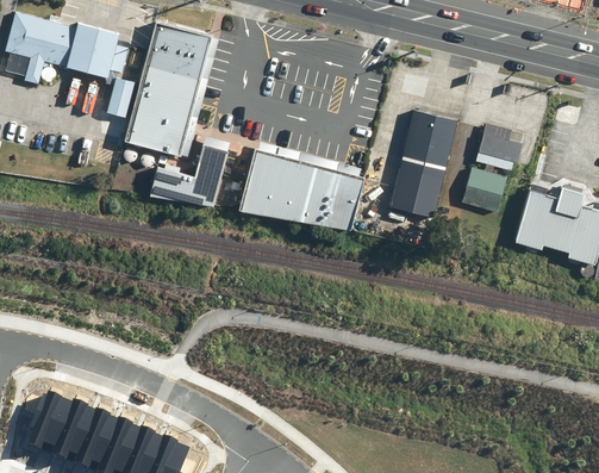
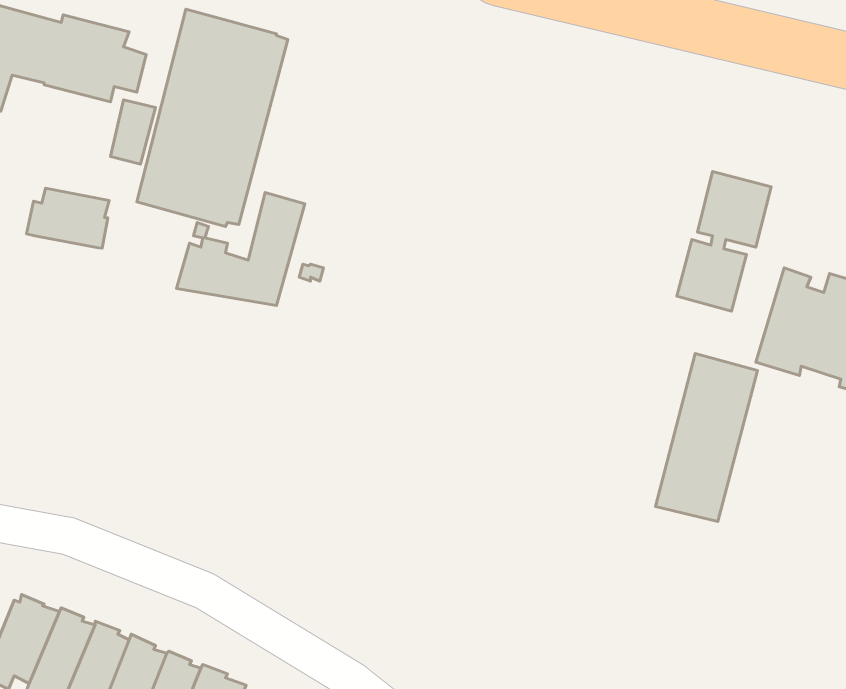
building: [392,108,456,214] -> [656,353,757,521]
building: none -> [27,188,109,248]
building: [235,142,362,232] -> none

